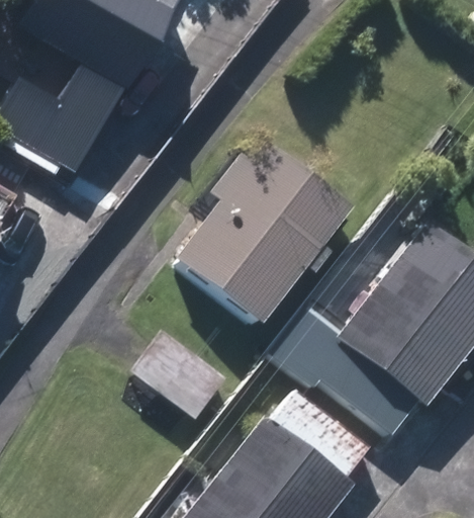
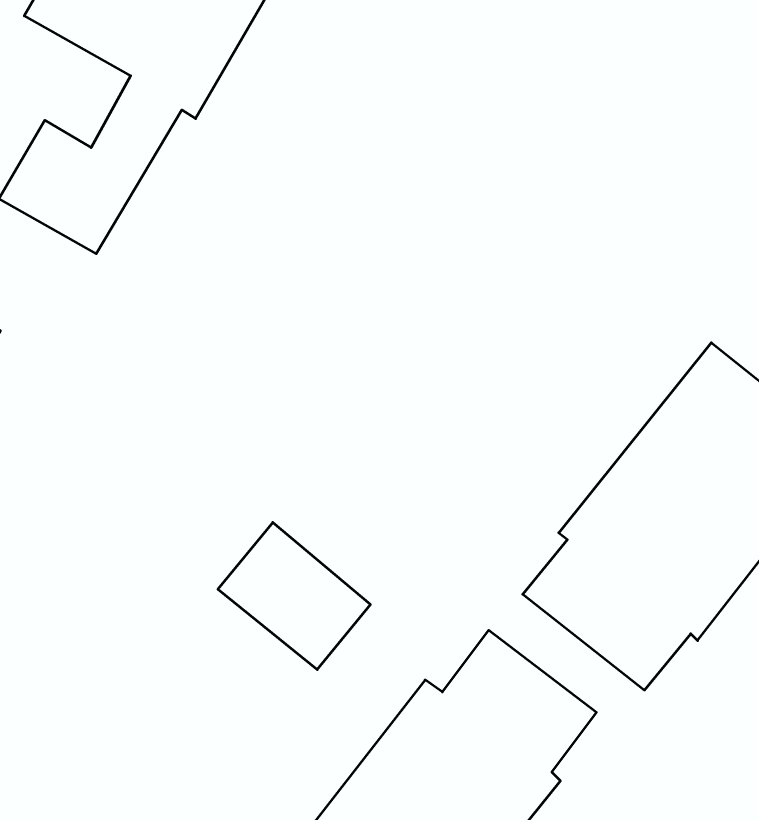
building: [182,150,338,315] -> none

